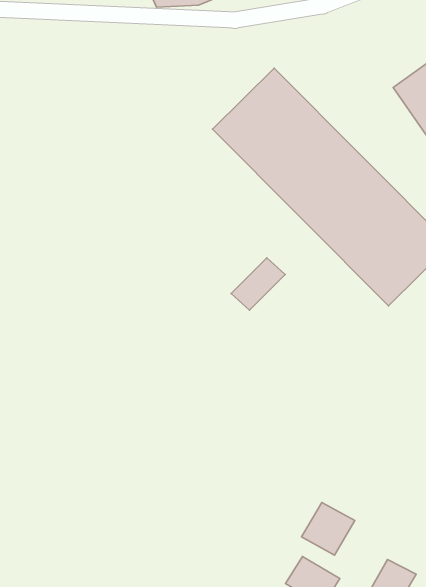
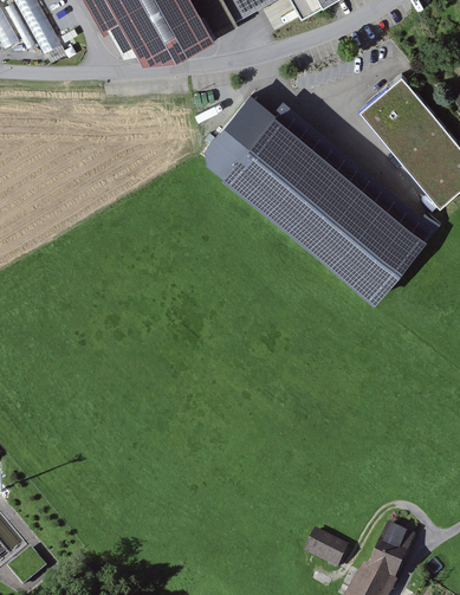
building: [231,258,285,310] -> none
building: [302,502,355,555] -> none

